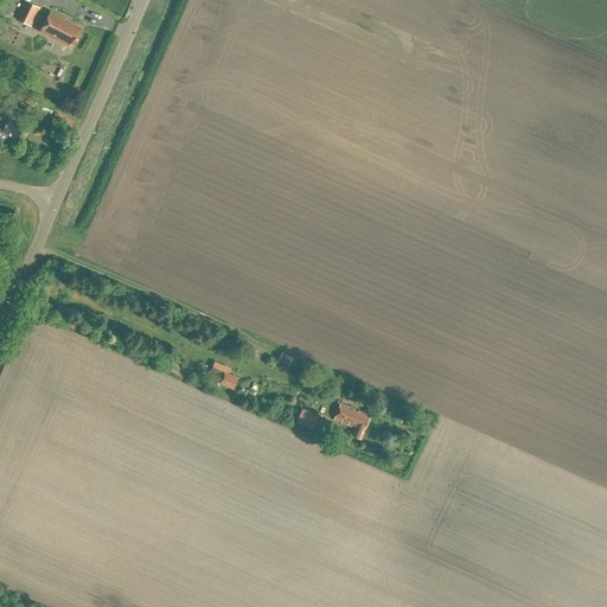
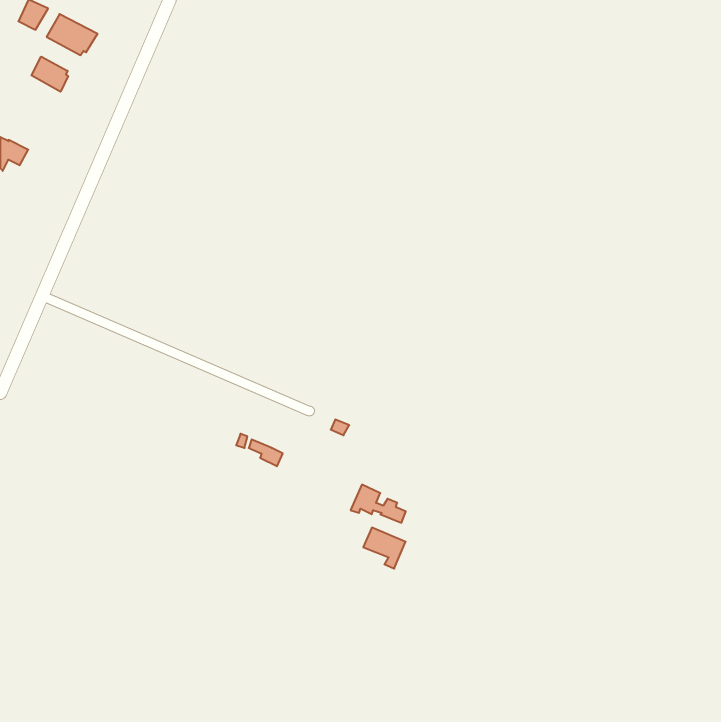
building: none -> [31,57,68,92]
building: [334,403,370,437] -> [363,528,406,569]

